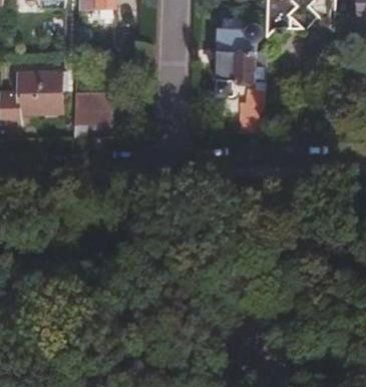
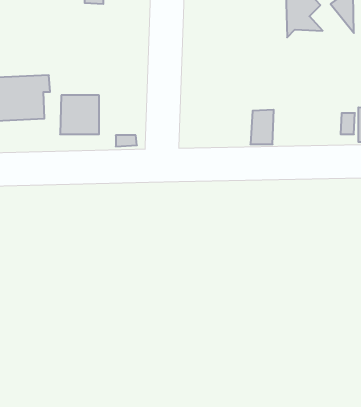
building: [219,27,268,93] -> none

